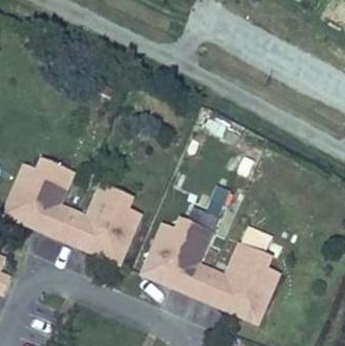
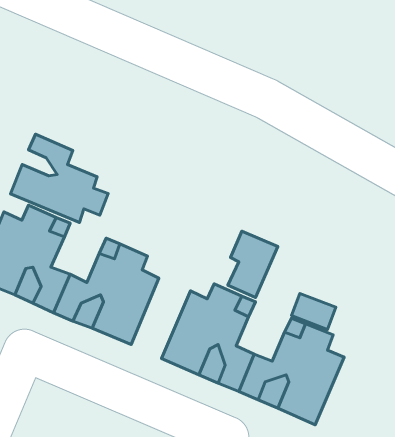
building: none -> [11,134,108,222]

